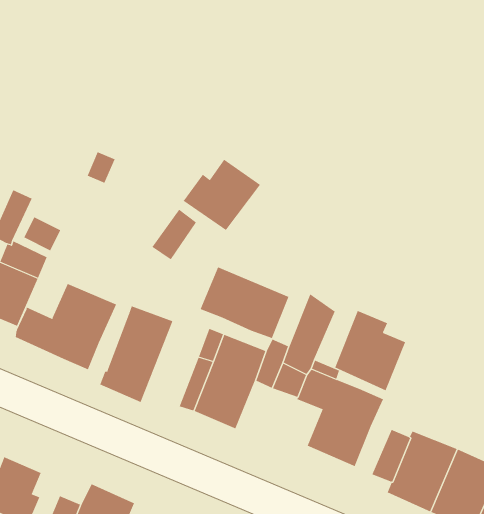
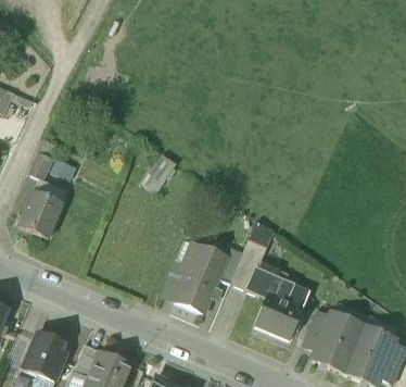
building: [183,159,261,231] -> none
building: [200,266,289,339] -> none
building: [15,283,117,370] -> none
building: [99,306,173,403] -> none
building: [334,310,406,391] -> none

